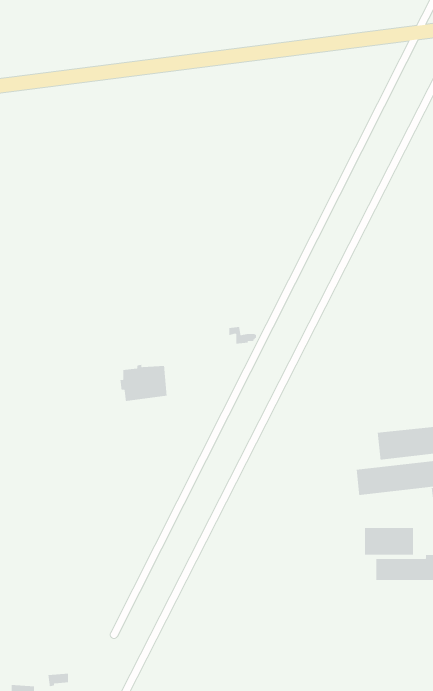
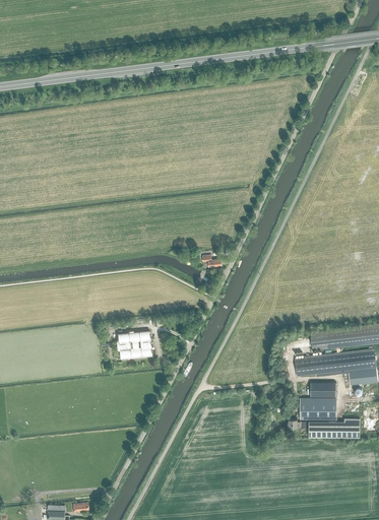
building: [120,364,168,402] -> [116,330,150,358]
building: none -> [310,382,335,396]

